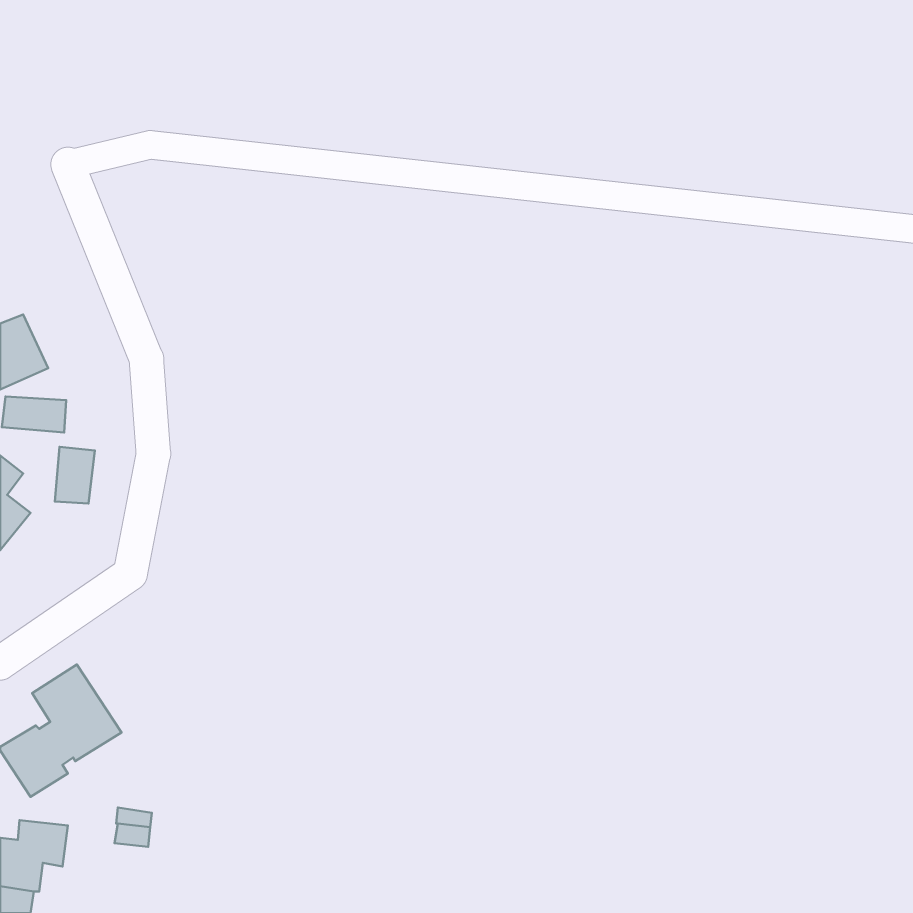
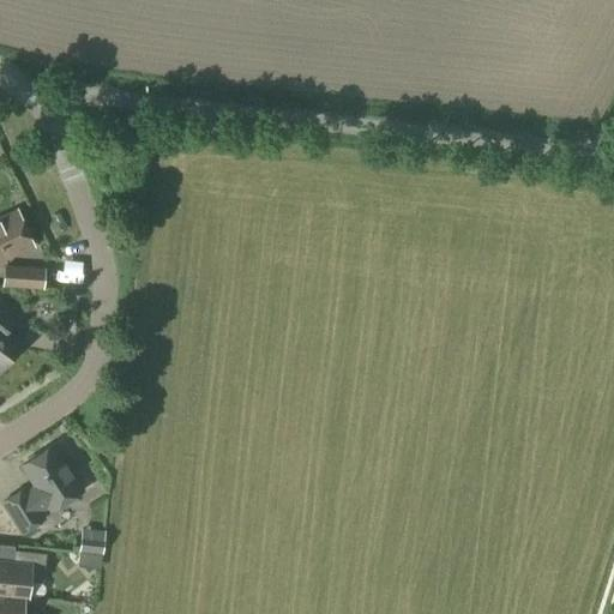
building: [55,447,95,504] -> none

